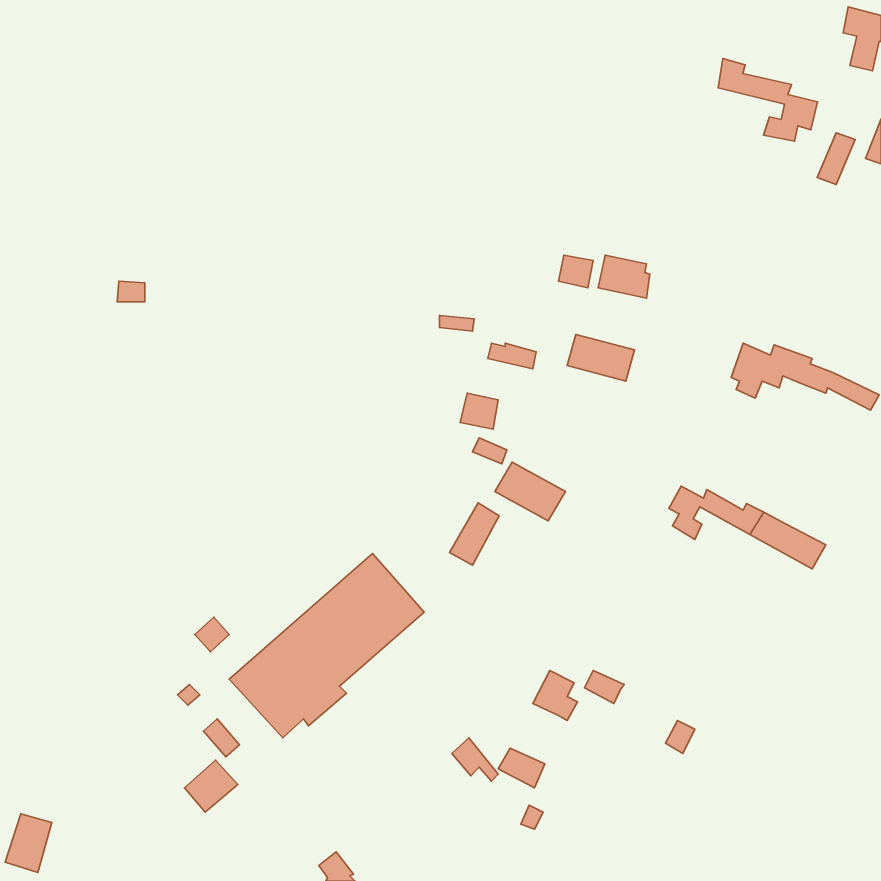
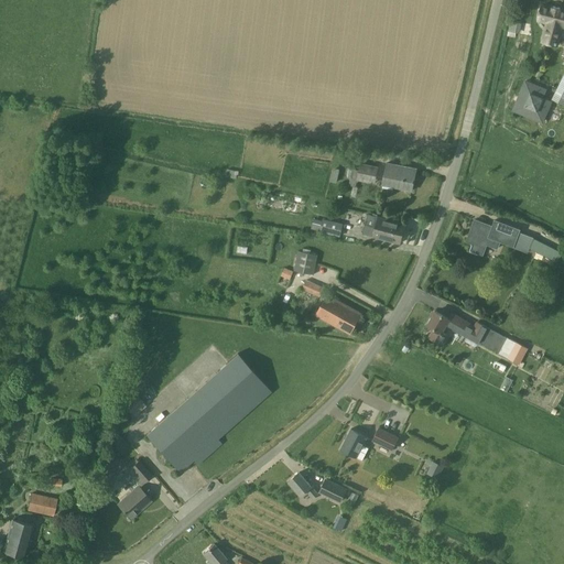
building: [718,59,818,141] -> none
building: [450,503,499,565] -> none
building: none -> [28,492,57,517]

